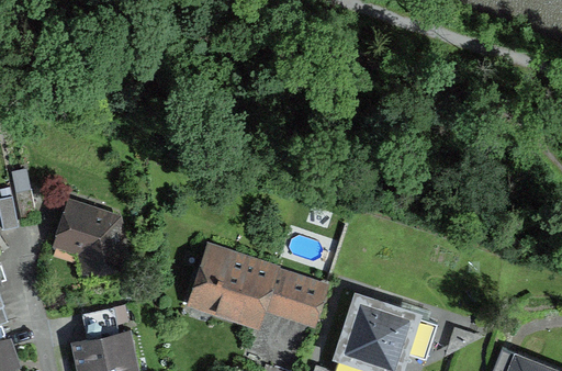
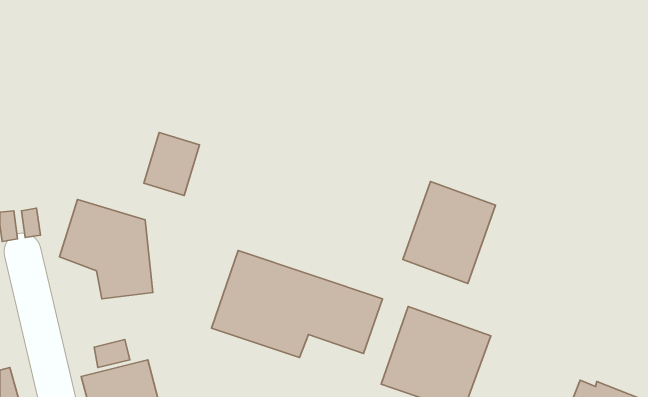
building: none -> [144,132,199,196]
building: none -> [403,182,496,283]

